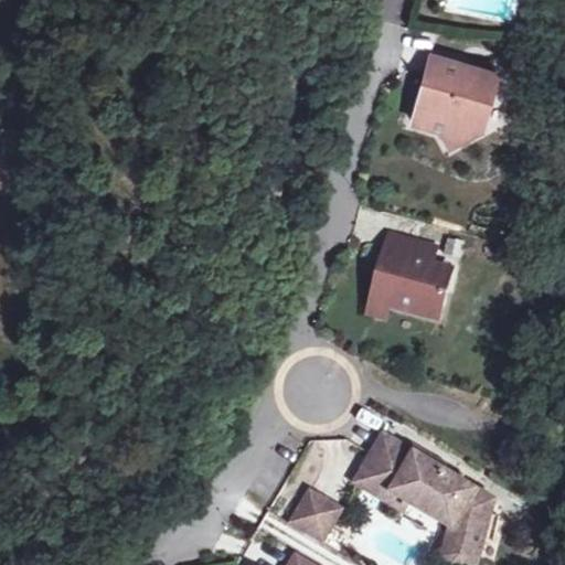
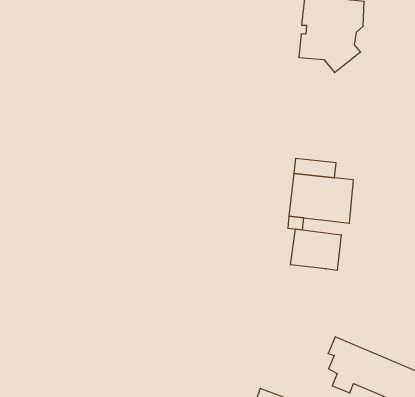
building: none -> [291,229,341,270]
building: [358,435,402,500] -> none

